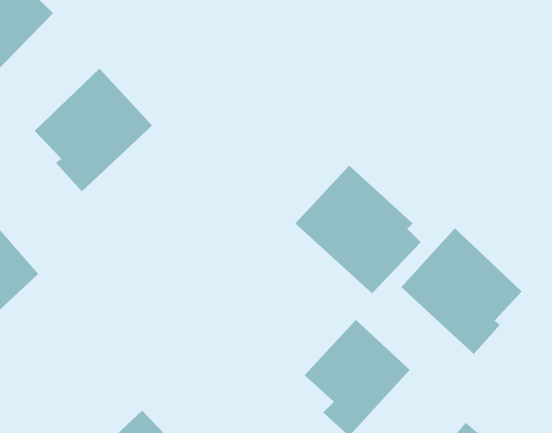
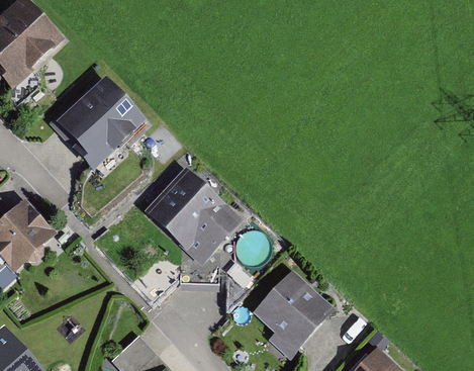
building: [295,165,421,294] -> [145,166,241,264]
building: [401,228,523,355] -> none

